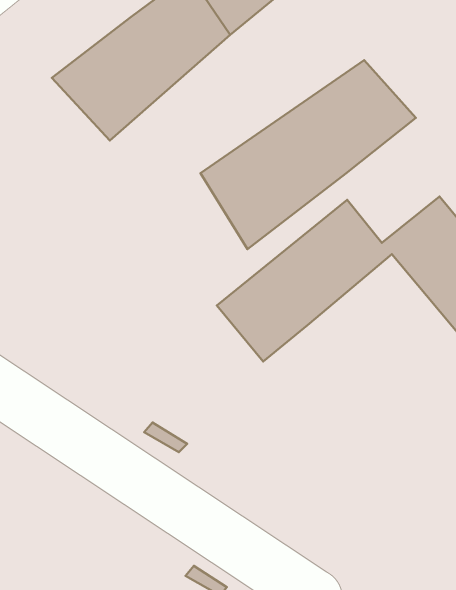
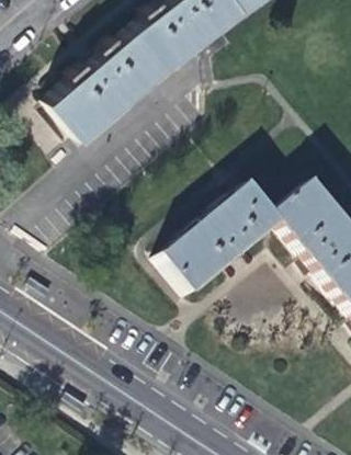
building: [200,60,416,249] -> none

